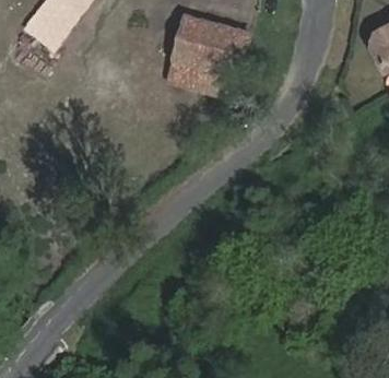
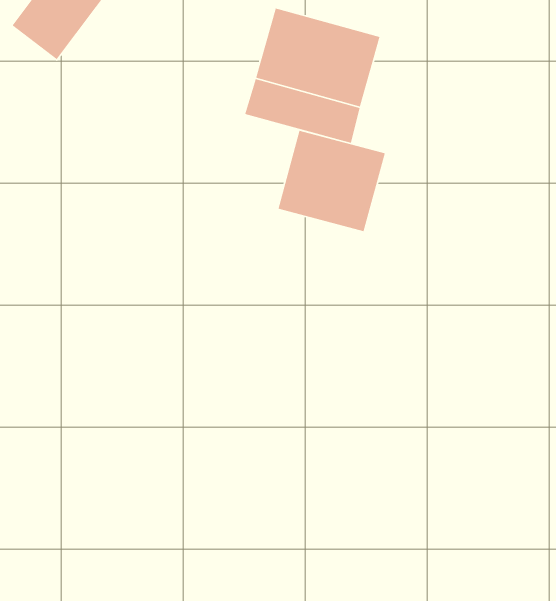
building: none -> [277,130,386,232]

